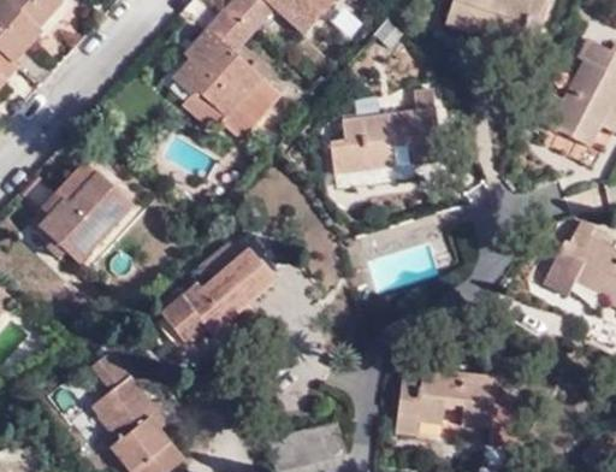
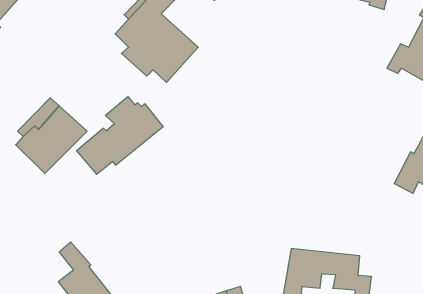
building: [330,87,439,170] -> none
building: [160,242,276,346] -> [77,97,163,174]

